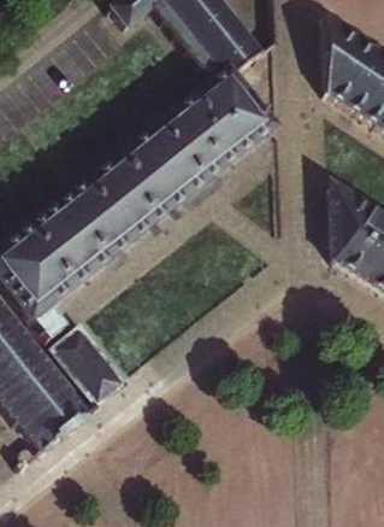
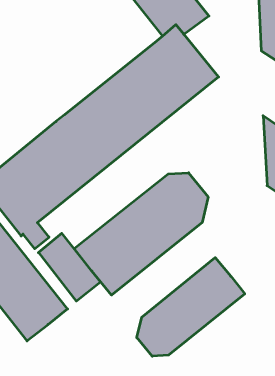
building: none -> [74,173,208,295]
building: none -> [137,258,245,356]

